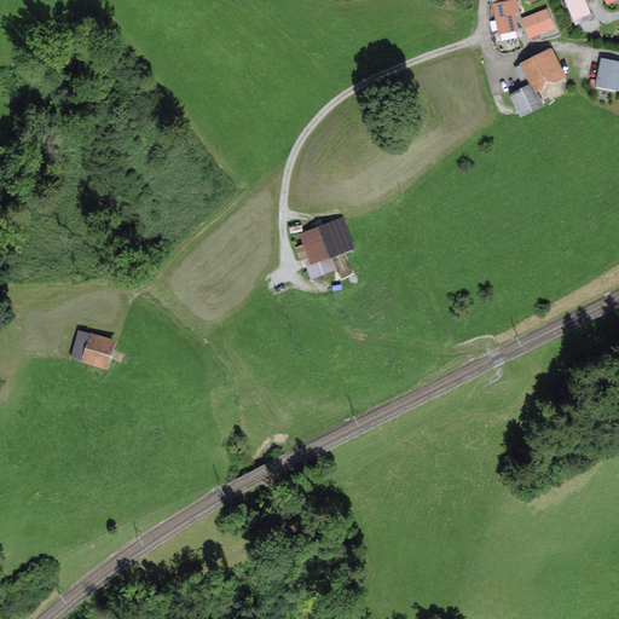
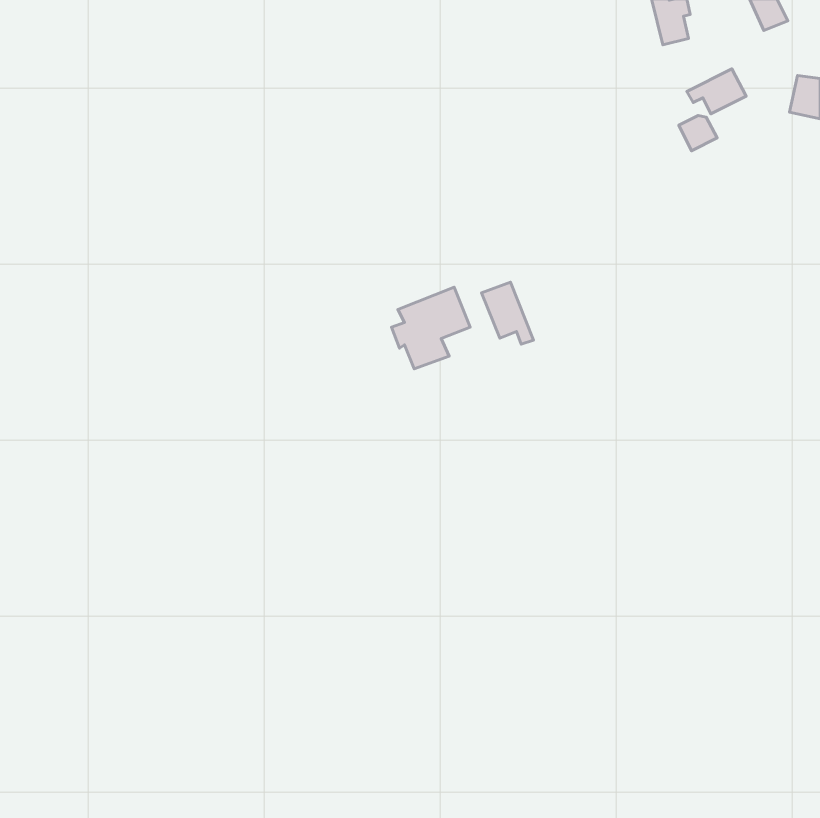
building: [521,7,555,37] -> none
building: none -> [481,282,534,344]
building: [81,331,117,368] -> none

